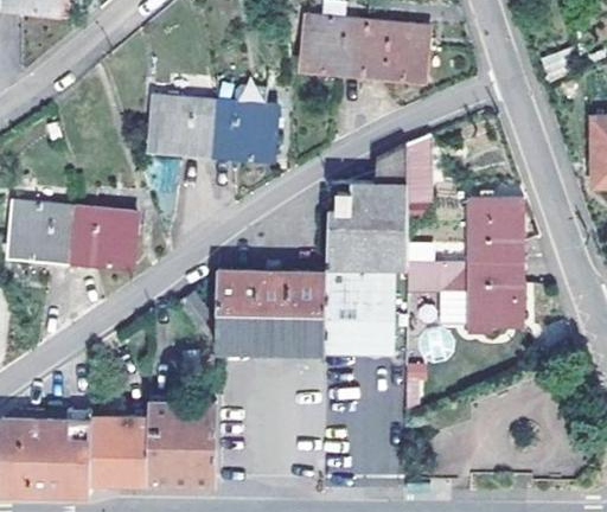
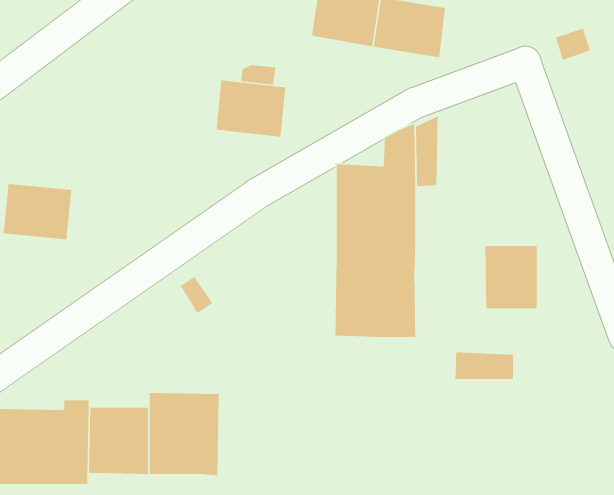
building: [151,100,216,153] -> none
building: [467,203,519,263] -> none
building: [69,210,134,263] -> none
building: [402,263,459,290] -> [454,352,514,380]
building: [216,273,326,352] -> none

